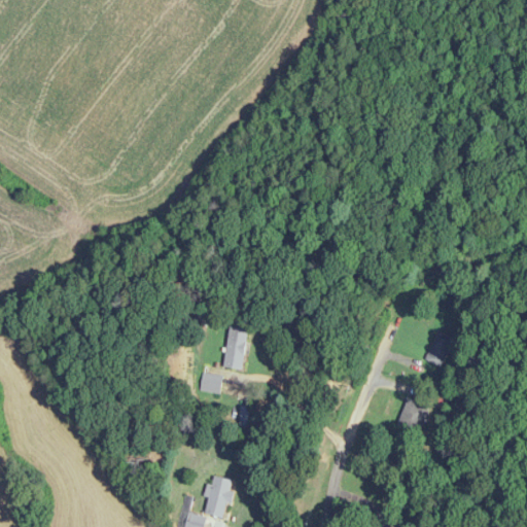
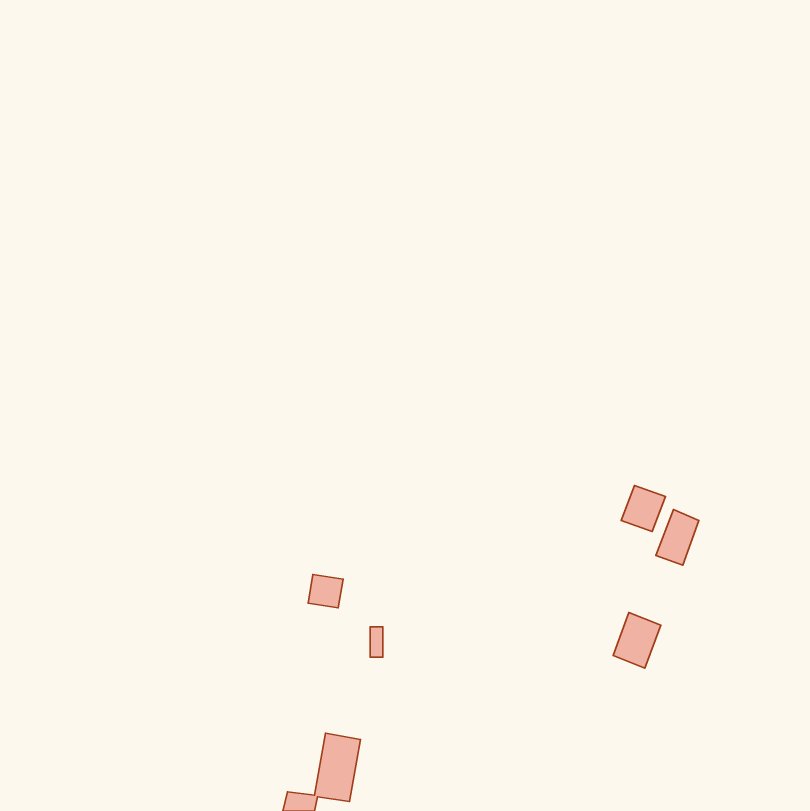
building: none -> [621,485,666,531]
building: [222,327,249,371] -> none

